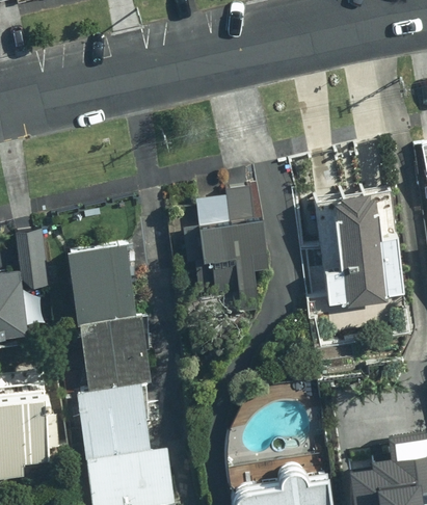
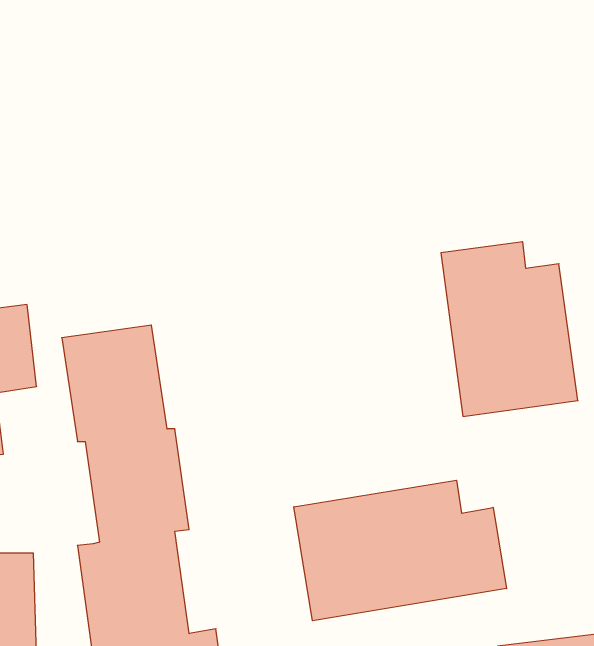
building: [181,189,268,313] -> none
building: none -> [294,480,507,621]

